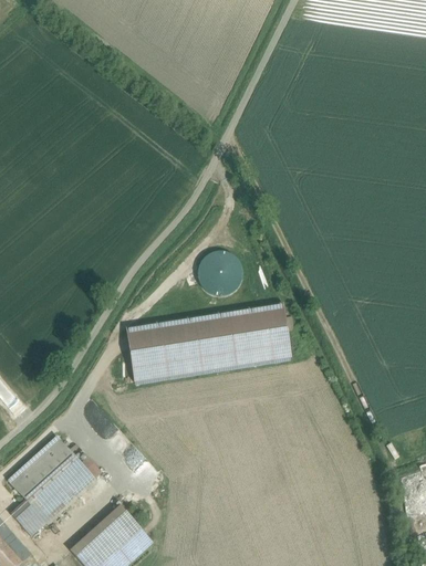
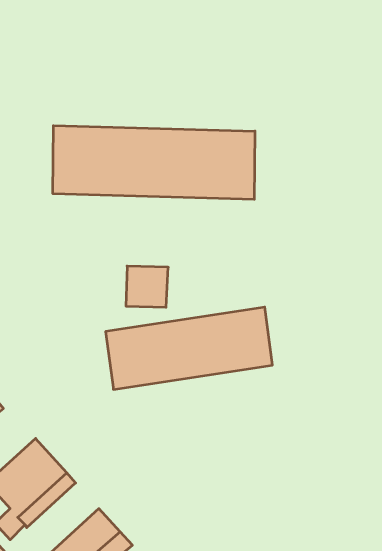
building: none -> [53,126,255,199]
building: [199,252,241,293] -> [126,266,168,307]

